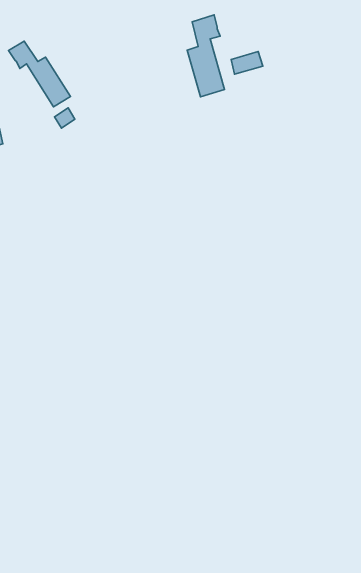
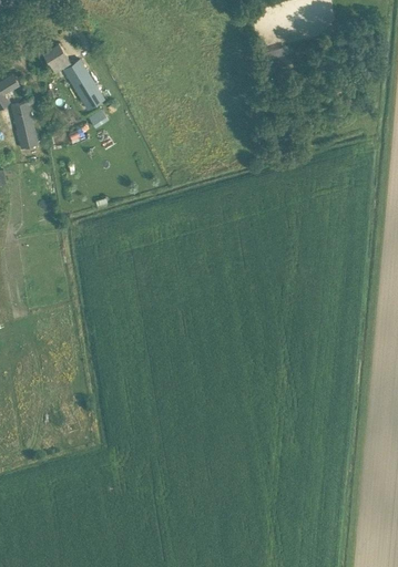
building: [187,15,224,97] -> none

